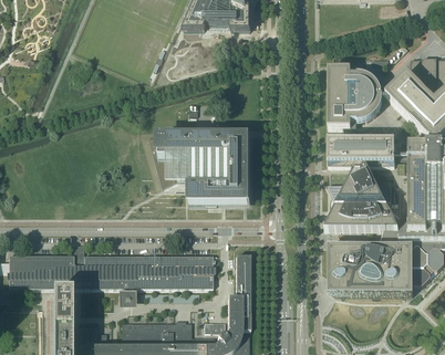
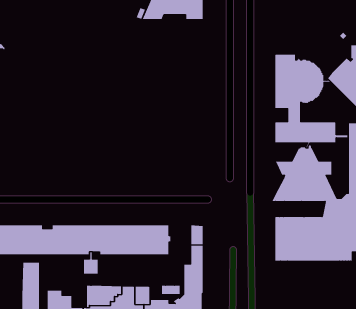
building: [151,137,251,206] -> none

